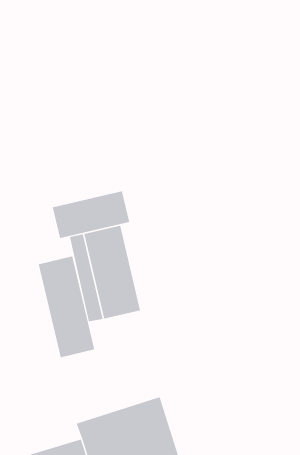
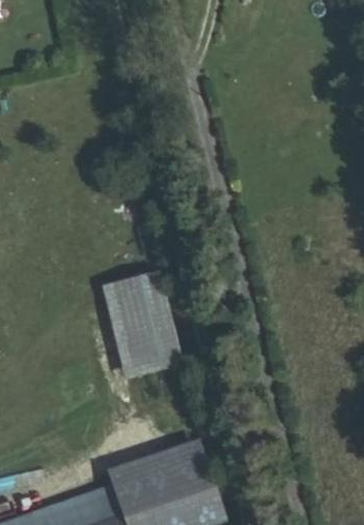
building: [52,190,130,239] -> none
building: [38,256,95,358] -> none

